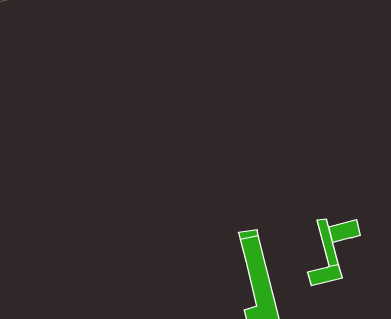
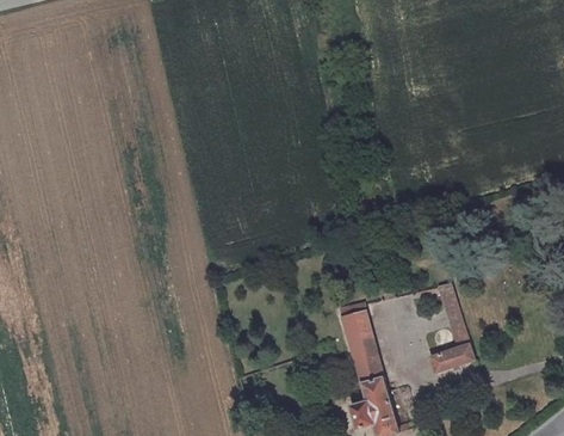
building: [329,220,360,243] -> none

